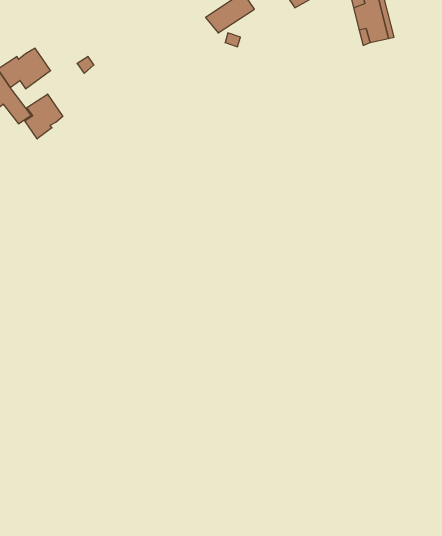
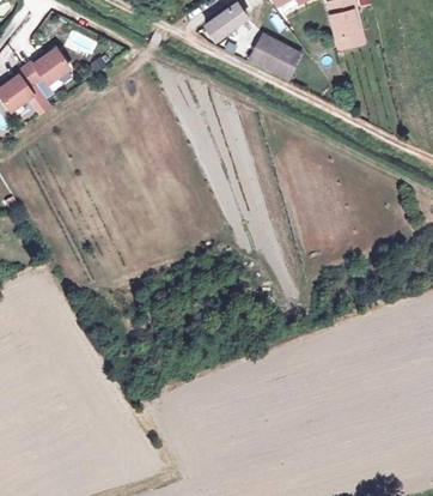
building: none -> [248,32,301,79]
building: [25,94,63,139] -> none

